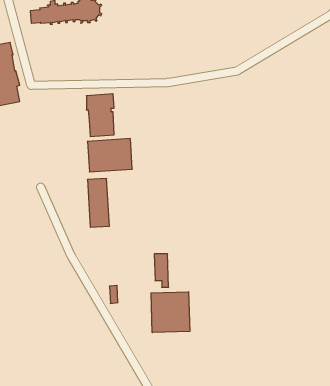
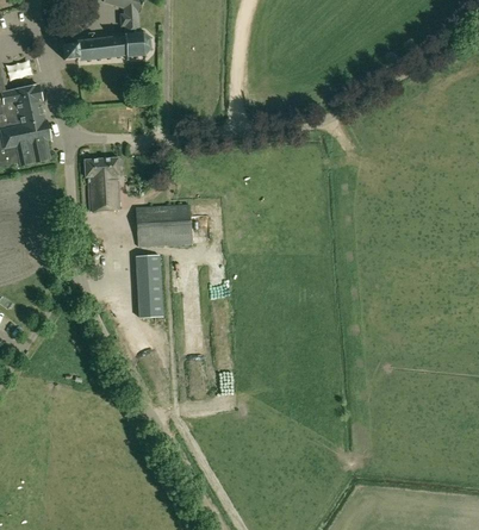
building: [86,94,114,137] -> [85,157,119,211]
building: [151,292,190,333] -> none

